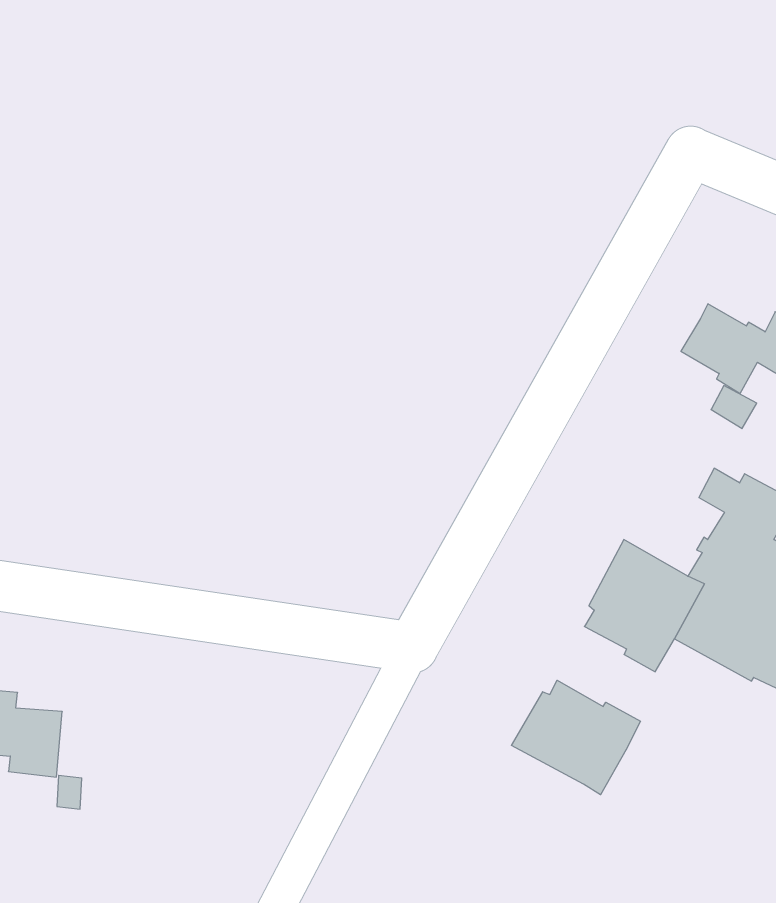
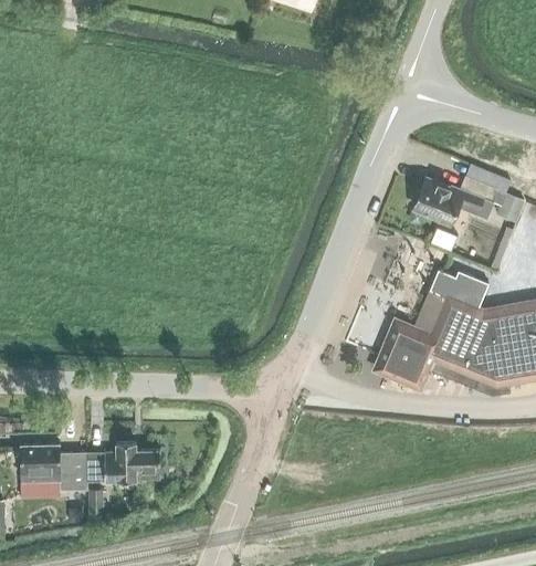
building: [511,680,640,795] -> none
building: none -> [85,442,159,481]

